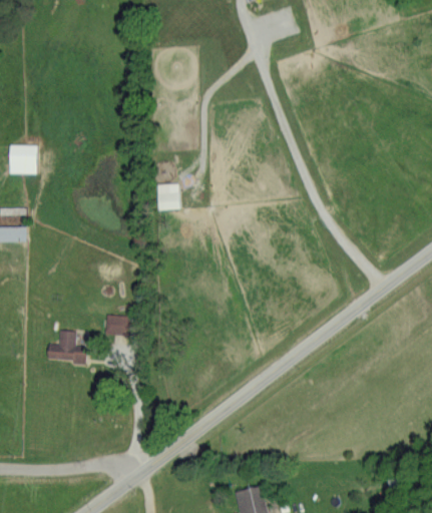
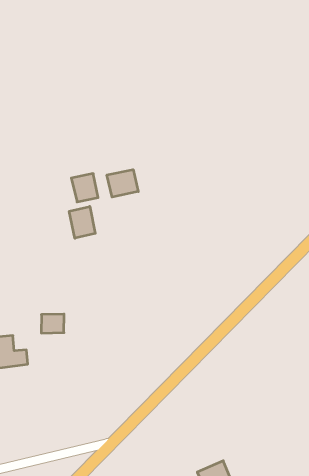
building: none -> [107,170,138,197]
building: none -> [69,206,95,238]

